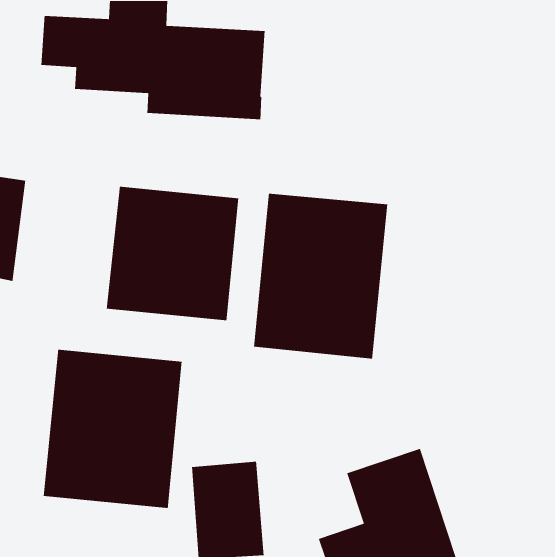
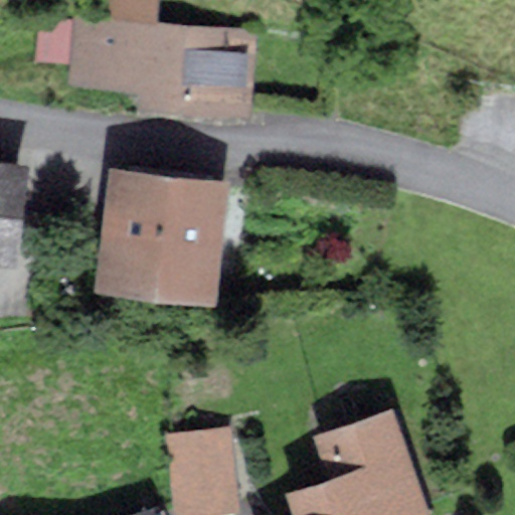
building: [253,193,388,359] -> none
building: [43,349,182,509] -> none

